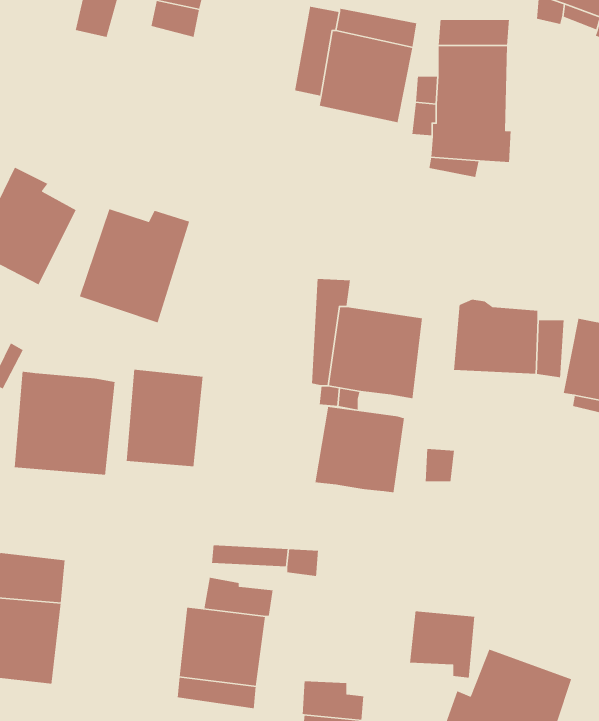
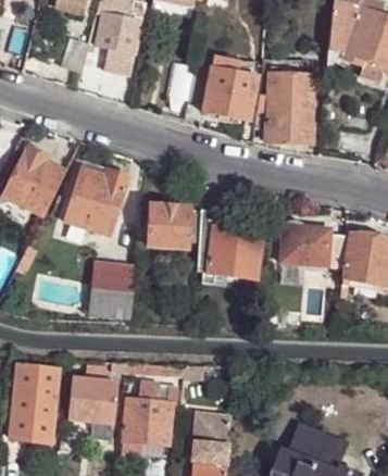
building: none -> [147,204,190,248]
building: [14,371,115,476] -> none
building: [314,406,405,493] -> none
building: none -> [66,377,117,423]
building: [409,610,475,678] -> [193,410,231,449]

